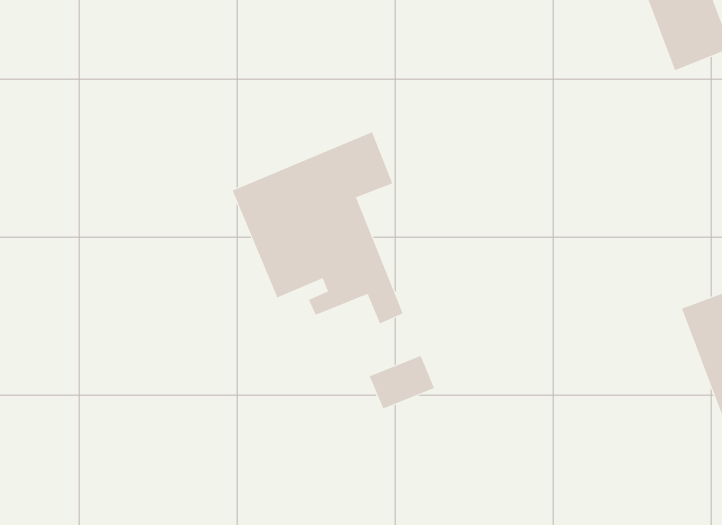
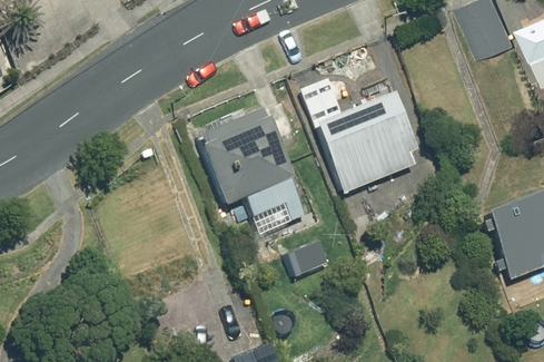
building: none -> [299,79,415,178]

